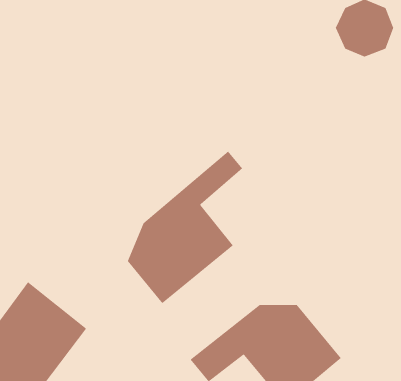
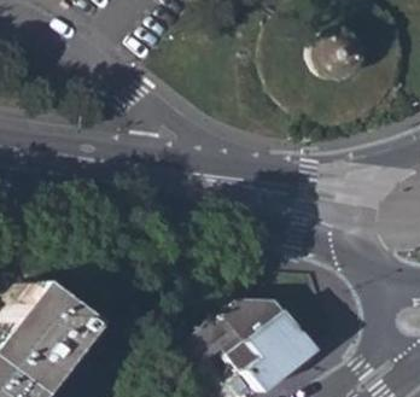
building: [127,150,243,304] -> none

